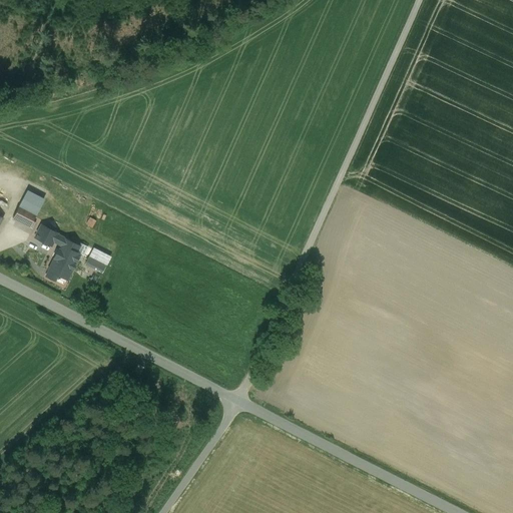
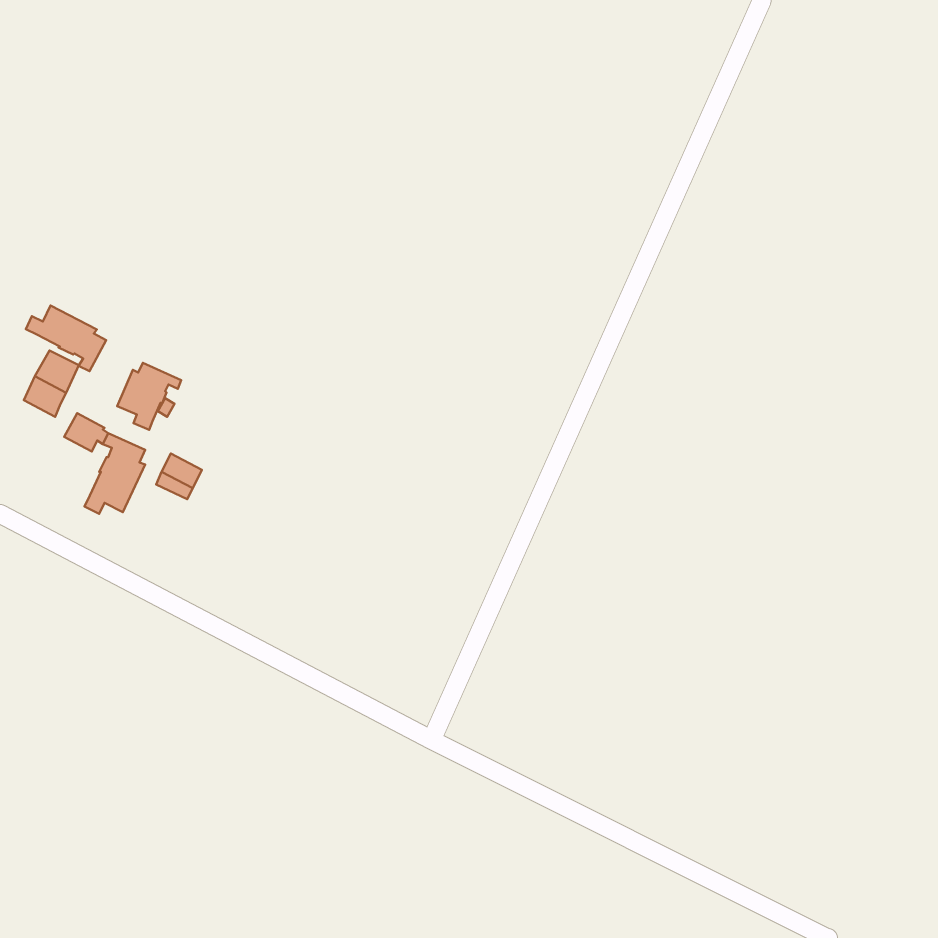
building: none -> [26,305,106,371]
building: none -> [117,363,181,430]

